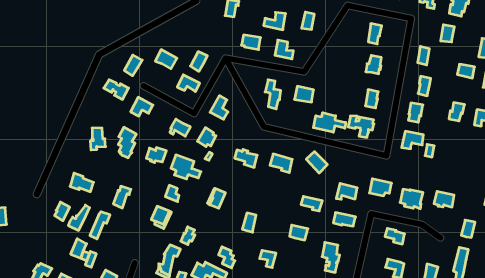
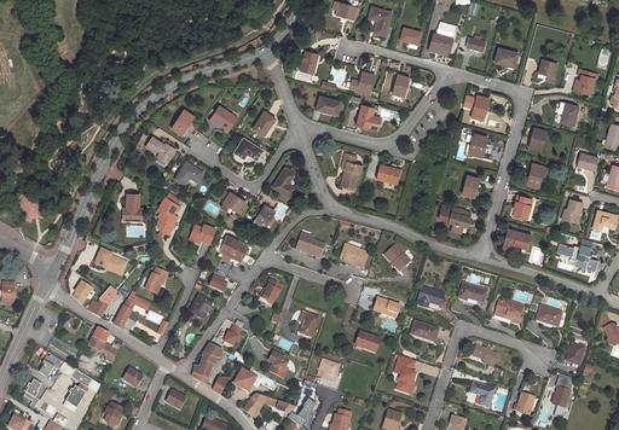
building: [313,113,346,132] -> none
building: none -> [557,244,597,271]

